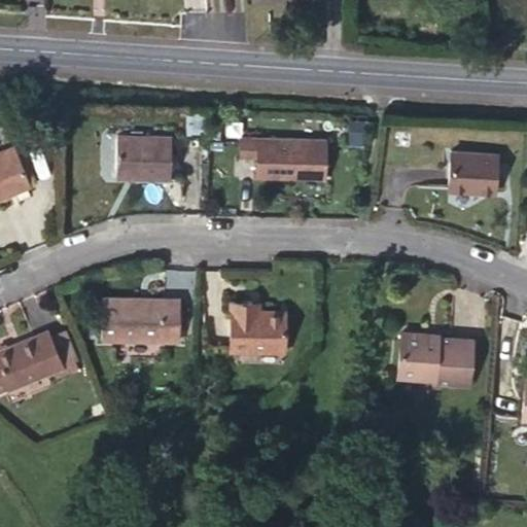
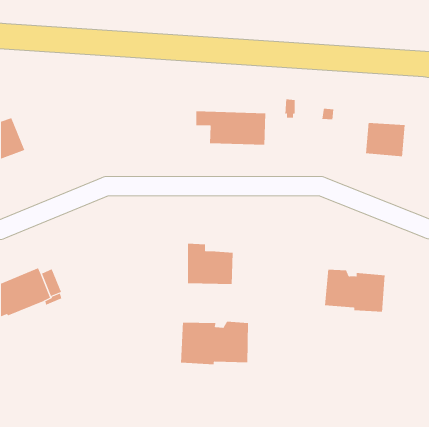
building: [116,137,172,180] -> none
building: [102,298,180,343] -> none
building: none -> [181,321,249,365]

